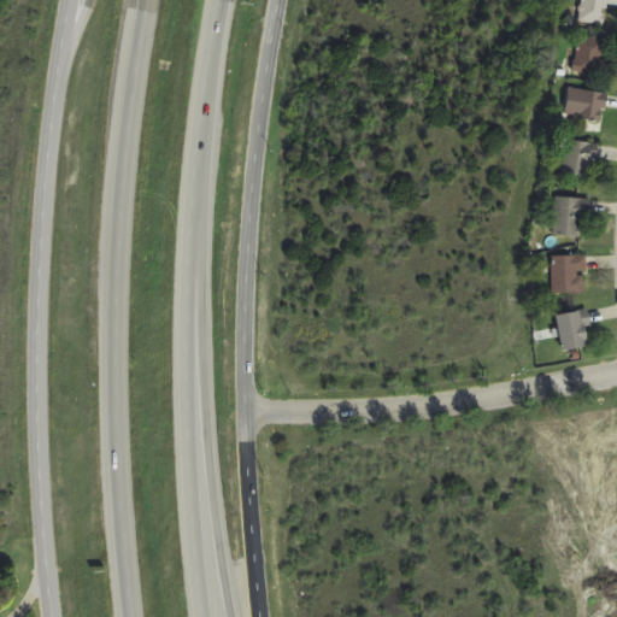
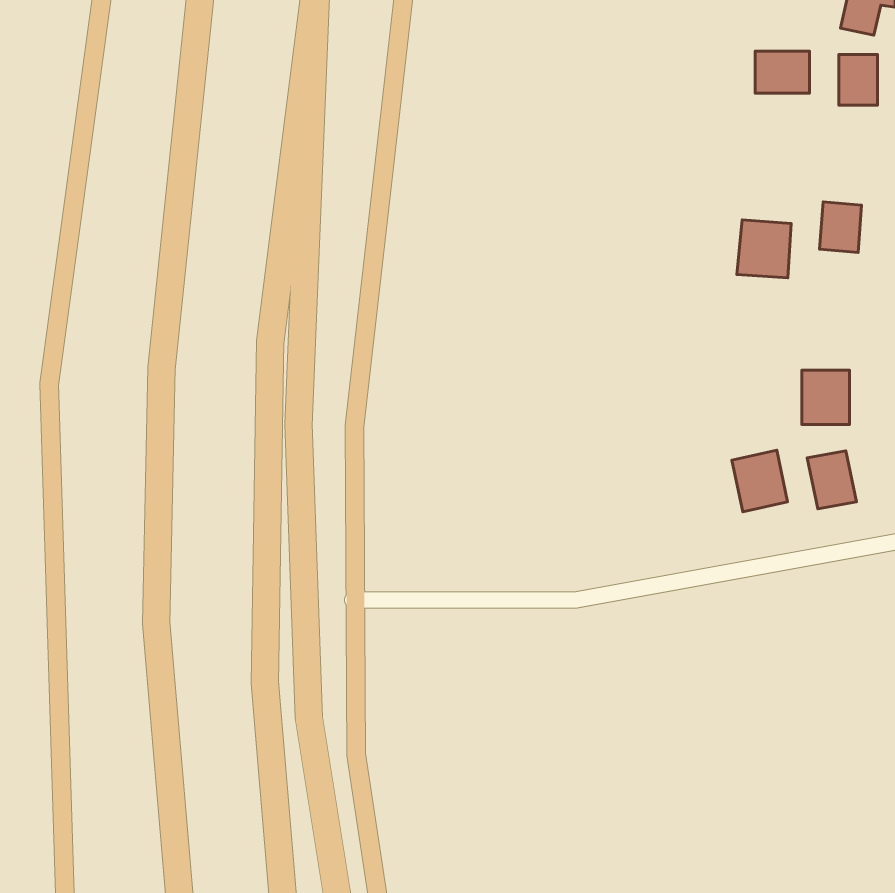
building: [565,88,603,117] -> [755,51,810,93]
building: [551,195,588,235] -> [737,220,791,278]
building: none -> [732,450,787,512]

